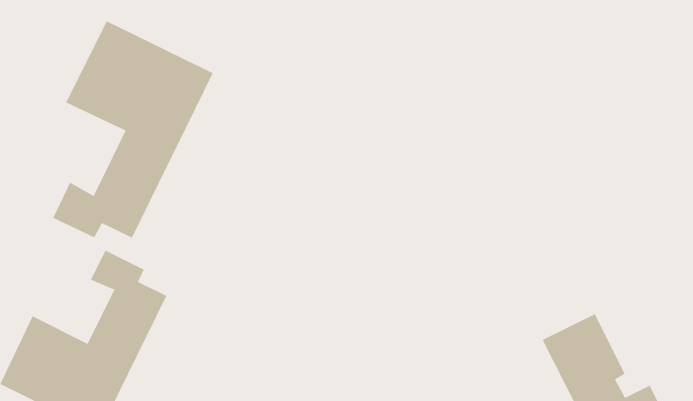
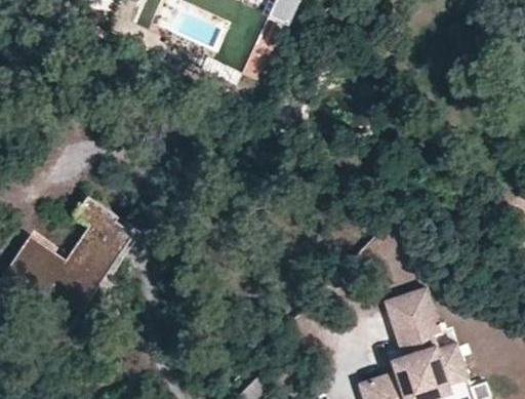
building: [53,21,213,239] -> none

